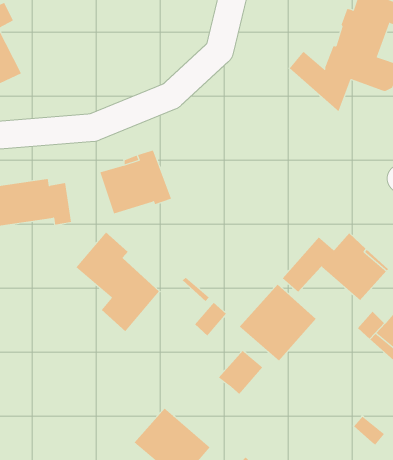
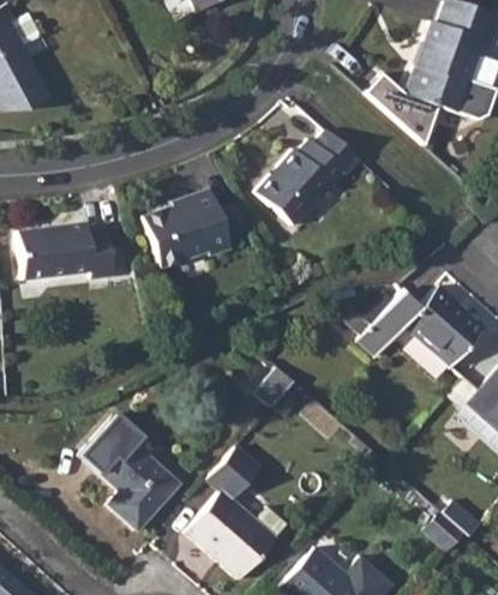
building: none -> [258,131,362,223]
building: [75,231,160,332] -> [79,411,179,530]
building: [239,284,317,362] -> none
building: [218,350,263,395] -> [206,447,259,500]

